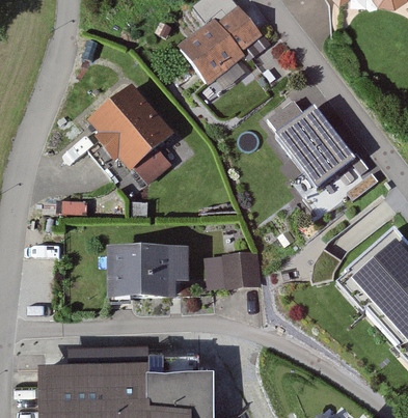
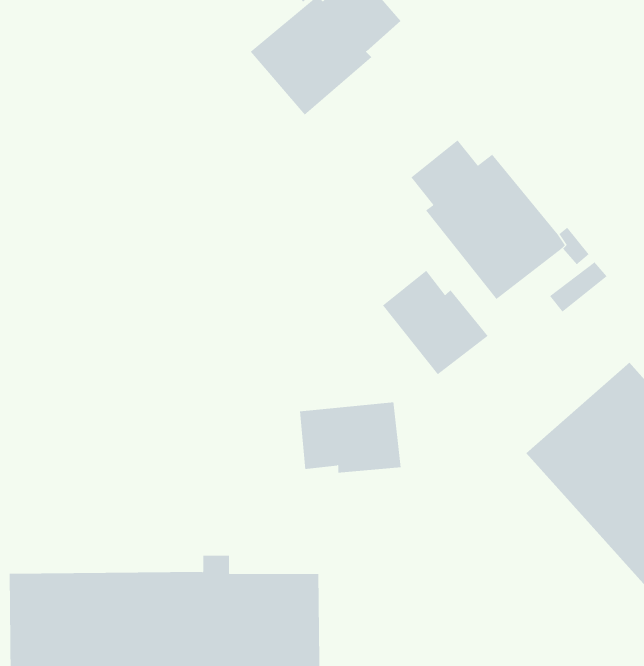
building: [88,89,173,185] -> none
building: none -> [382,270,488,375]
building: [107,252,190,308] -> none

